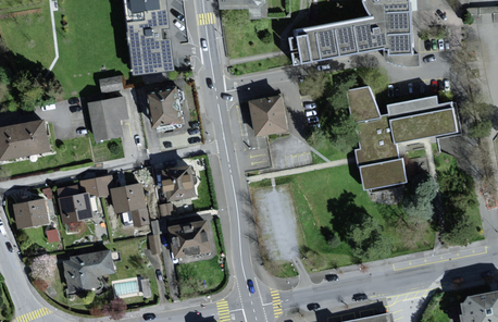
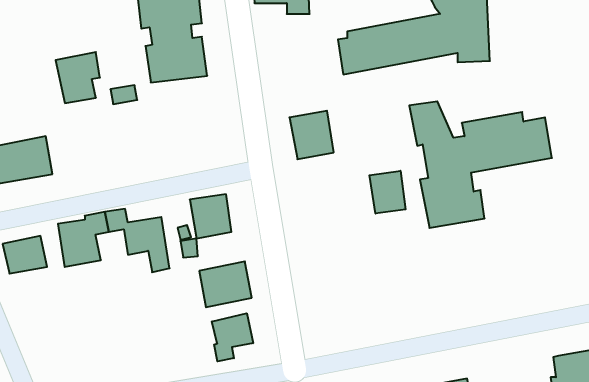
building: [157,88,185,122] -> none
building: [91,97,127,138] -> [56,52,100,103]
building: none -> [369,171,406,214]
building: [66,250,115,290] -> none
building: none -> [212,313,253,361]

